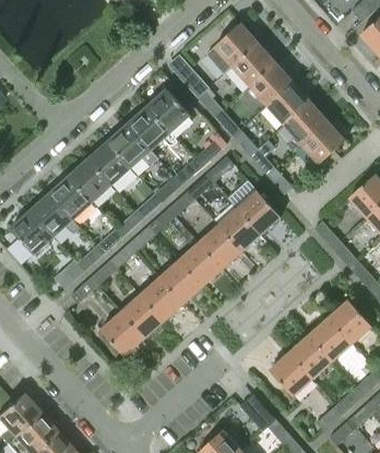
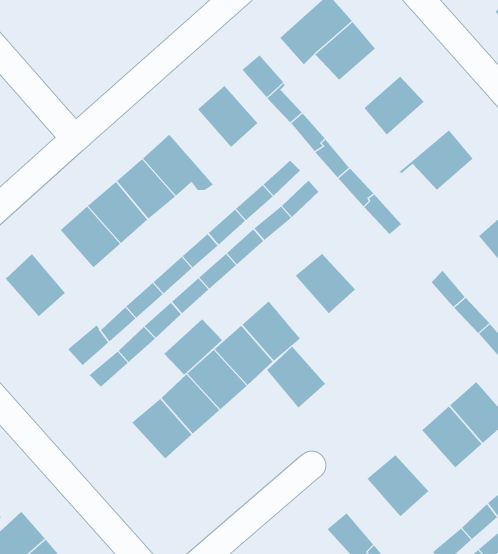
building: [249,62,293,105] -> none
building: [283,100,328,151] -> none
building: [128,106,171,151] -> none
building: [237,190,281,235] -> none
building: [29,192,81,237] -> none
building: [199,225,241,270] -> [266,346,326,408]
building: none -> [164,319,223,376]
building: [289,335,332,379] -> none

